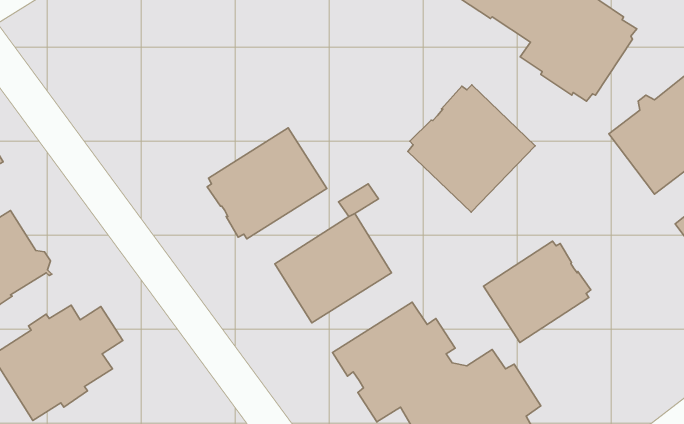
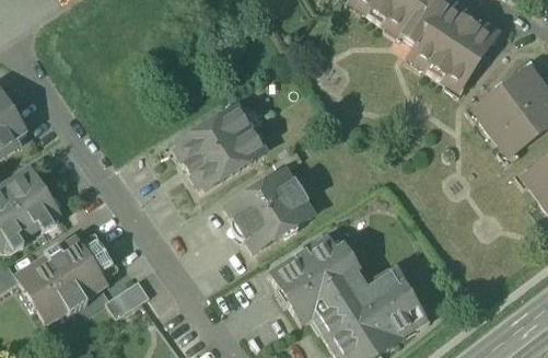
building: [408,85,535,212] -> none
building: [483,241,591,343] -> none
building: none -> [106,279,150,317]

